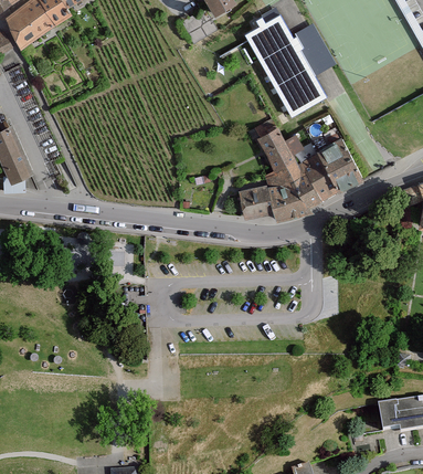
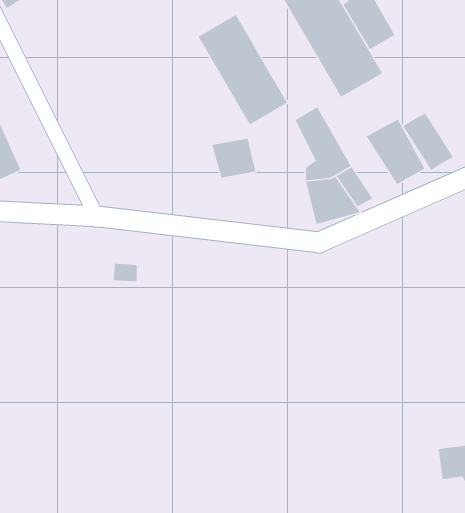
building: none -> [198,14,288,125]
building: [296,151,338,199] -> [402,112,454,171]
building: [234,185,271,218] -> [211,138,256,179]

